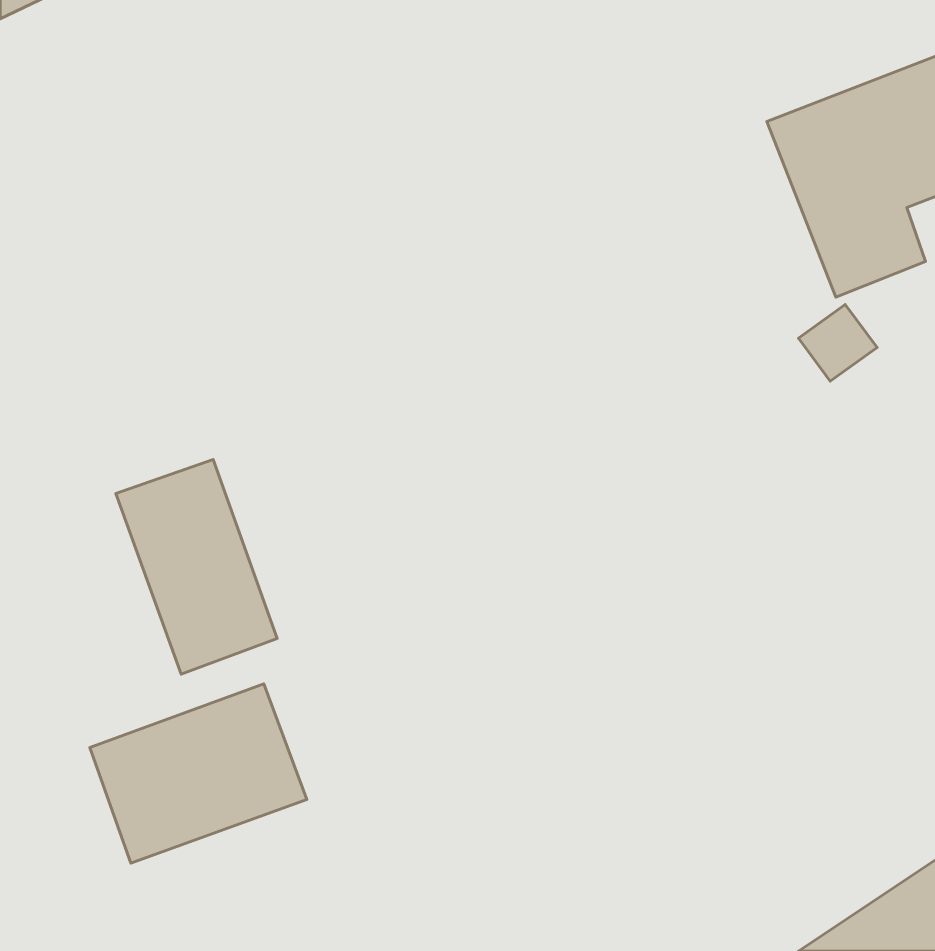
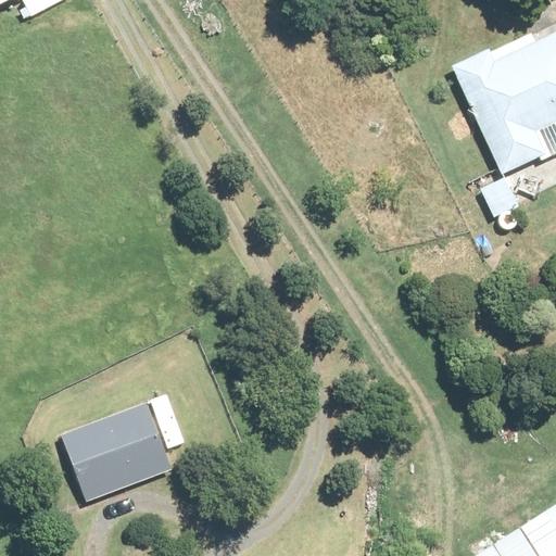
building: [116,460,277,674] -> none

